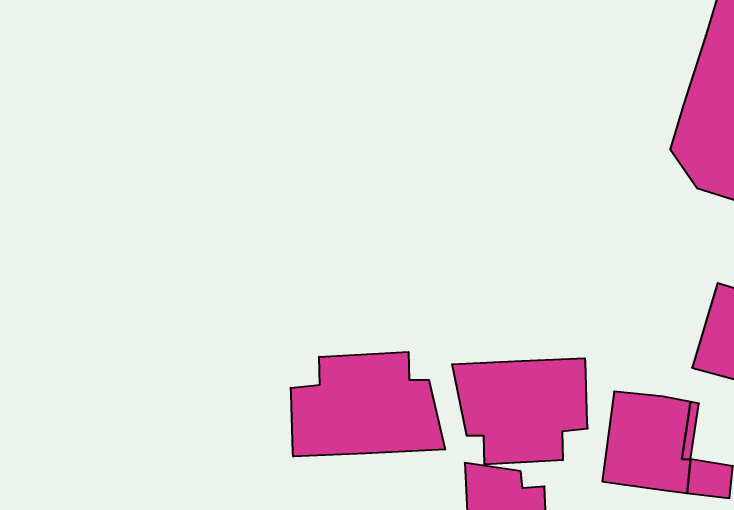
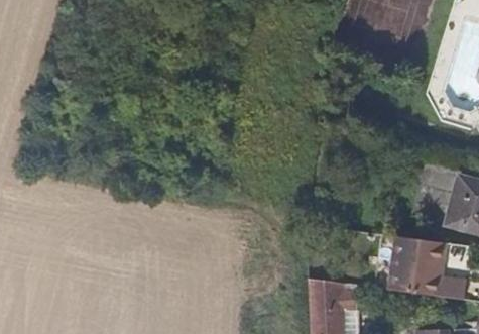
building: [291,352,445,457] -> none
building: [452,358,587,465] -> none

